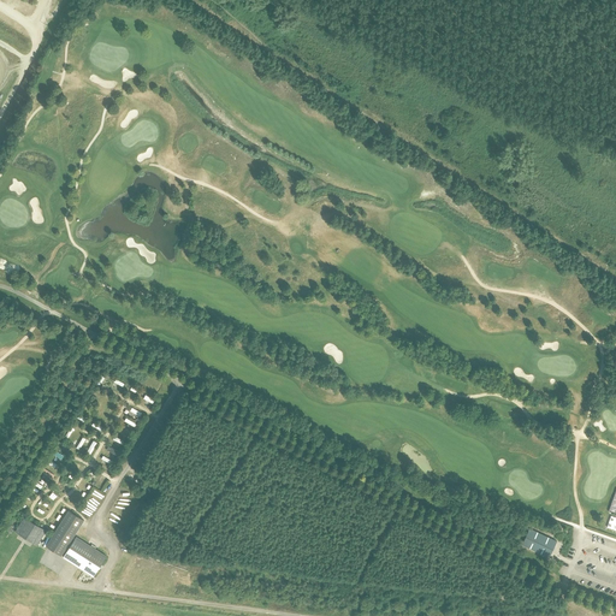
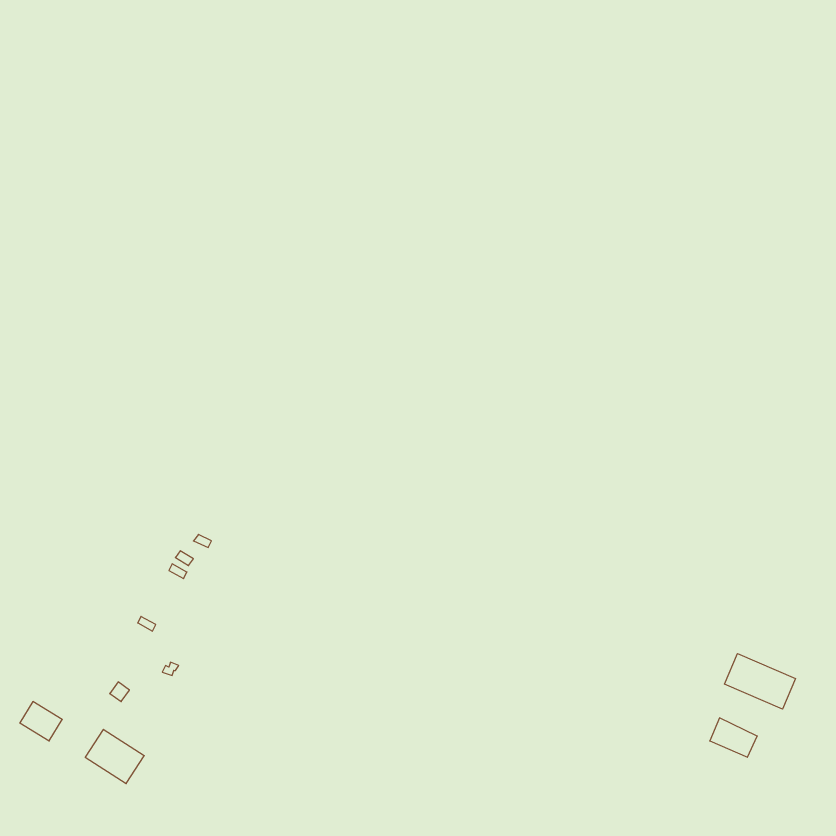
building: none -> [725,654,795,709]
building: [45,509,83,555] -> none

